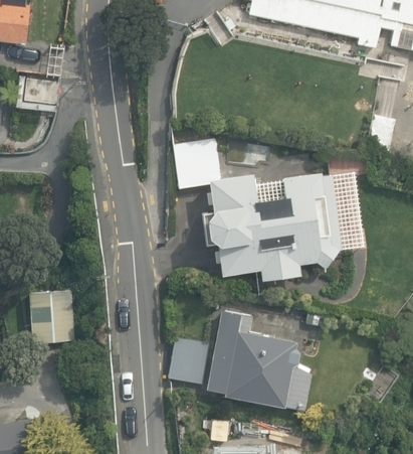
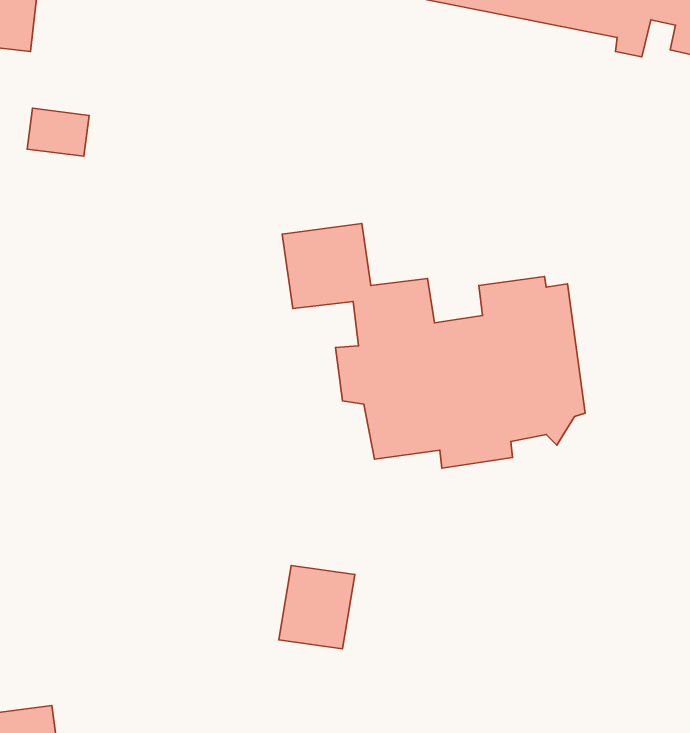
building: [31,289,74,340] -> none
building: [206,309,312,411] -> none

